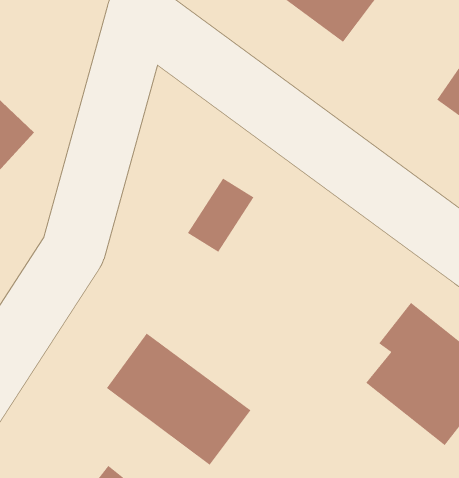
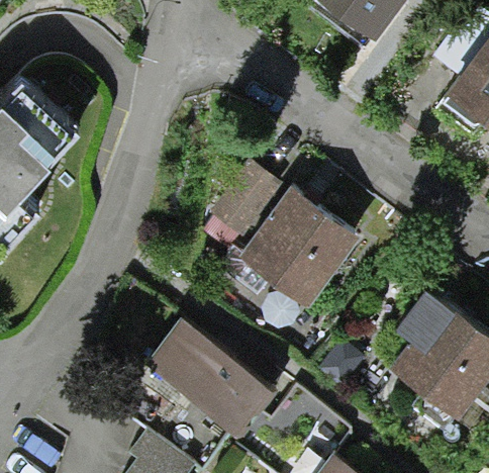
building: none -> [243,207,356,320]

